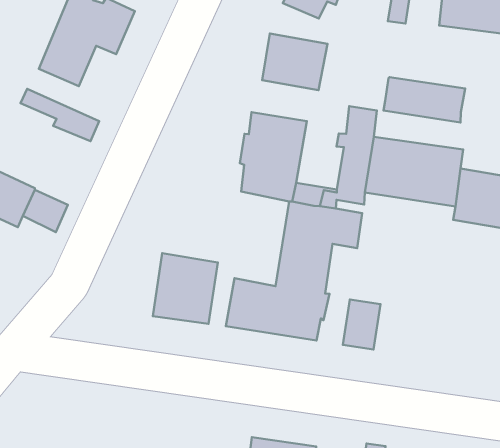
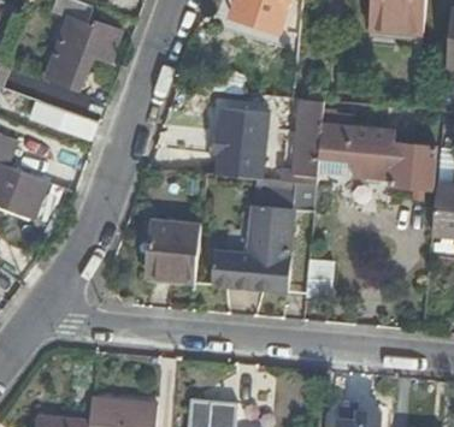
building: [262,34,328,90] -> none
building: [383,77,465,123] -> none

